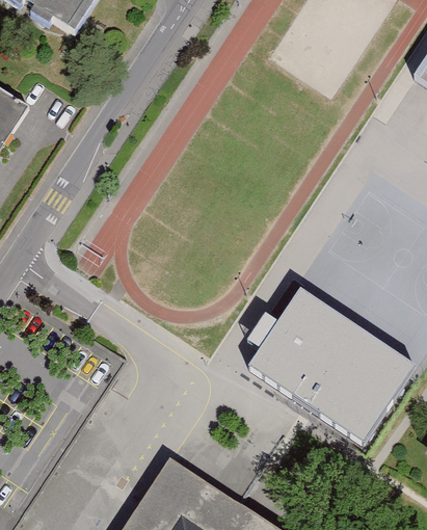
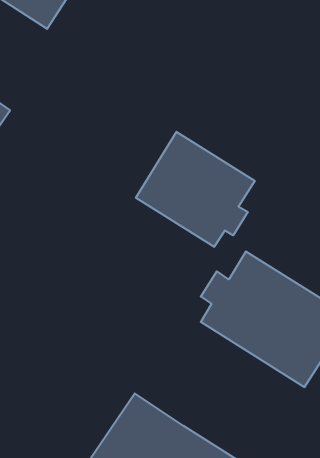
building: none -> [136,132,255,247]

